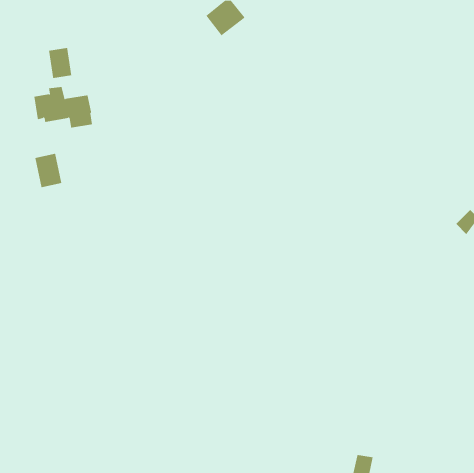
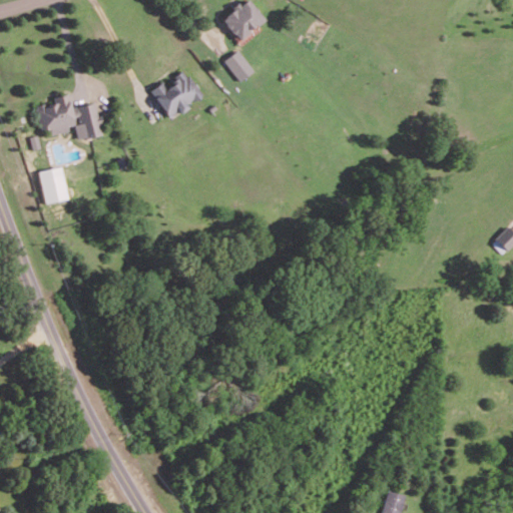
building: none -> [224,51,254,82]
building: [48,47,72,79] -> none
building: none -> [151,70,202,118]

